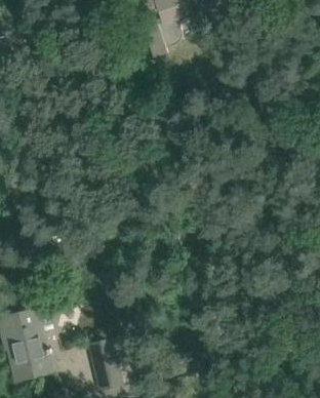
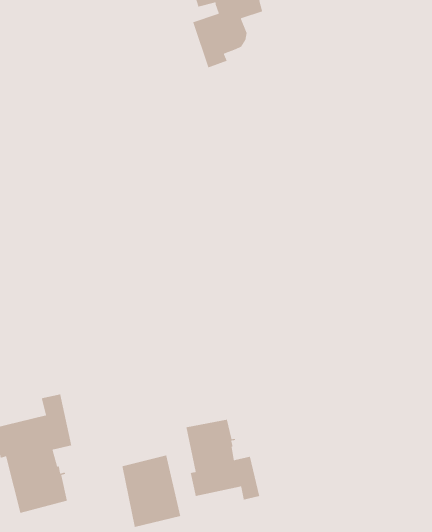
building: none -> [186,419,260,501]

